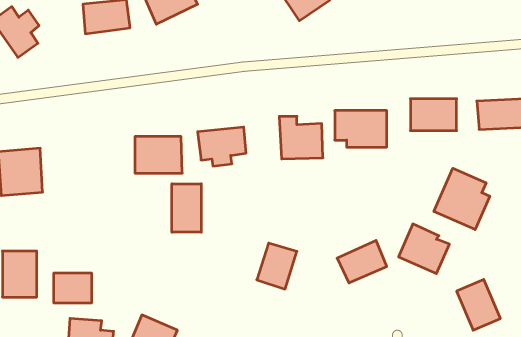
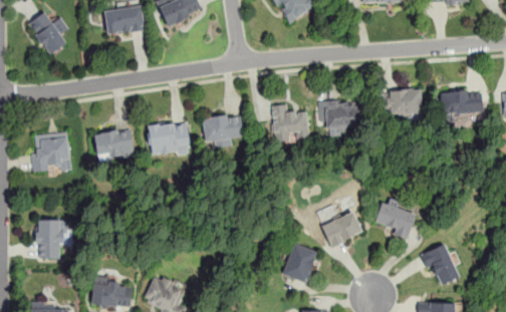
building: none -> [94,129,134,160]
building: [434,168,490,230] -> none
building: [172,184,201,232] -> none
building: [257,243,297,289] -> [282,244,316,283]
building: [54,273,91,303] -> none

